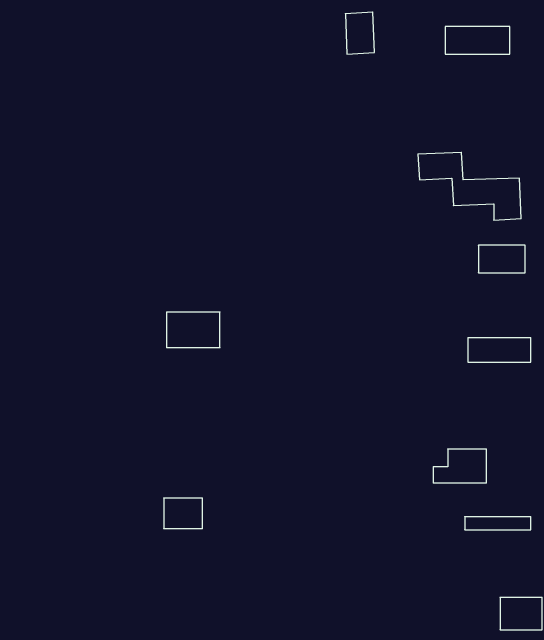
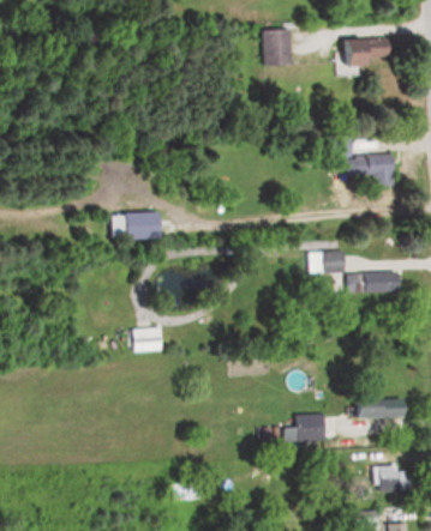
building: [478,245,525,273] -> [312,253,347,273]
building: [167,312,220,348] -> [122,212,162,239]
building: [433,449,486,483] -> [287,415,327,440]
building: [164,498,202,529] -> [133,328,162,351]

